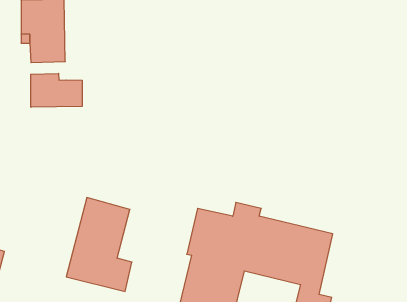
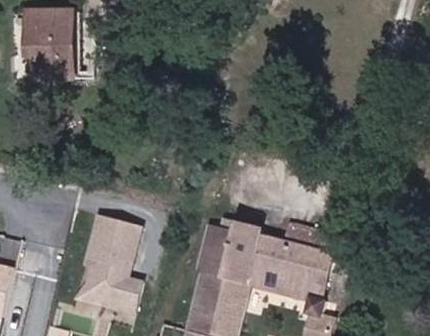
building: [31,73,82,107] -> none

